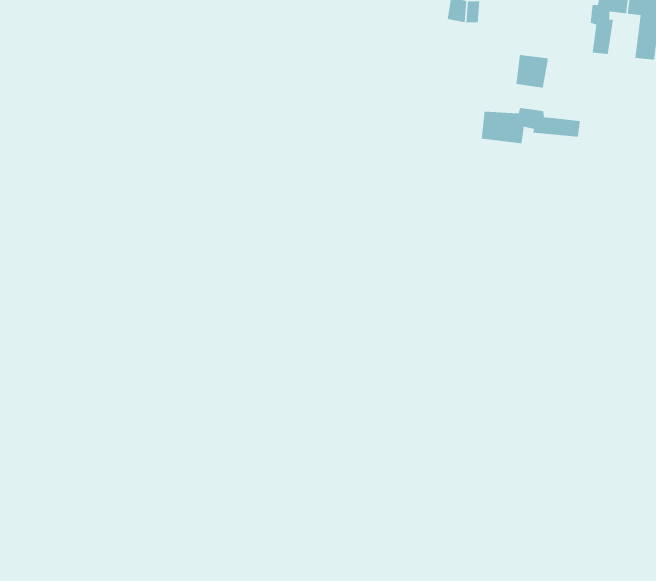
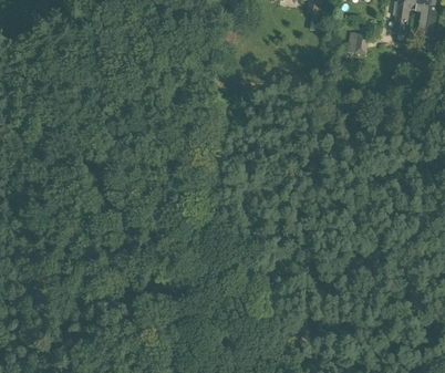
building: [481,107,580,144] -> none

